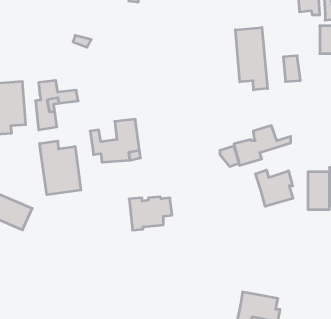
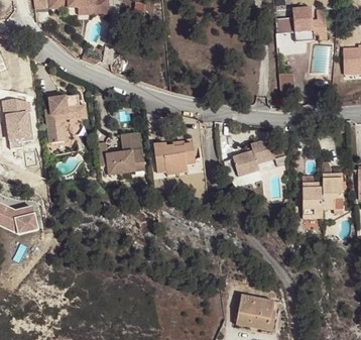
building: [235,27,268,90] -> none
building: [40,141,81,195] -> none
building: [256,170,293,206] -> none
building: [129,197,172,230] -> [153,141,194,173]

